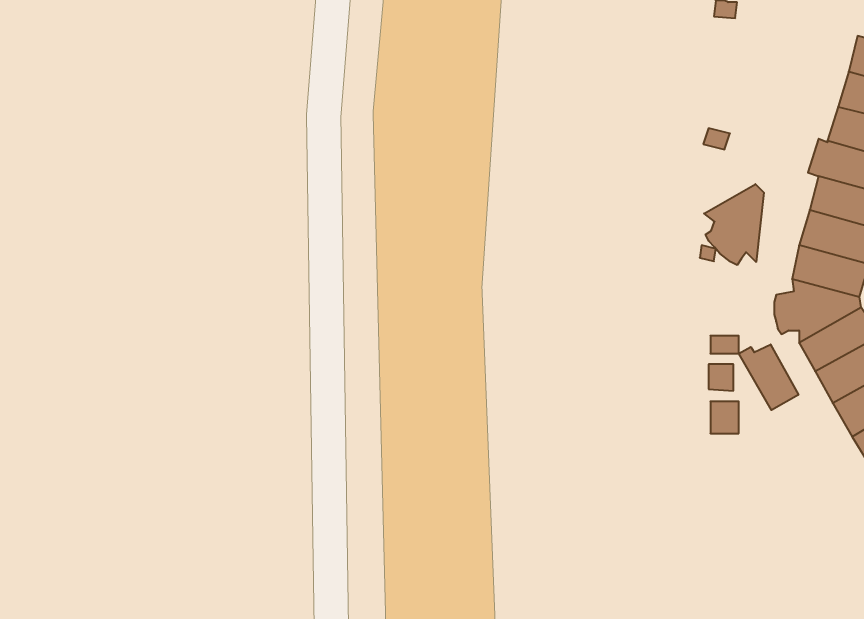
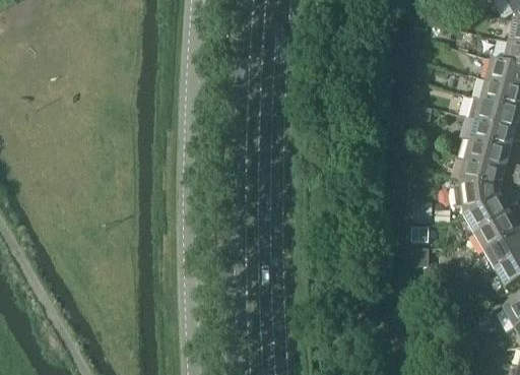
building: [704,184,764,265] -> none
building: [739,344,798,410] -> none

